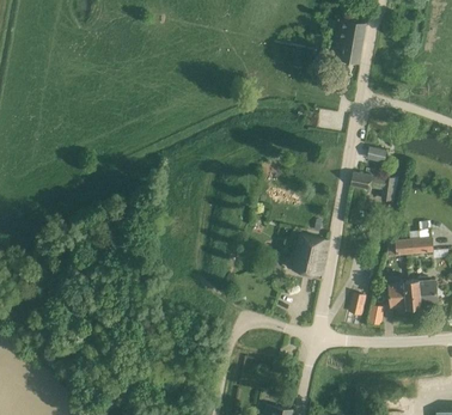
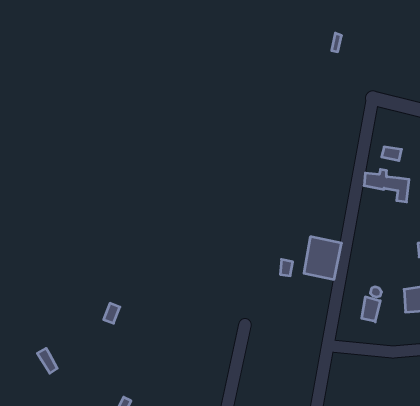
building: [334,20,365,63] -> none

